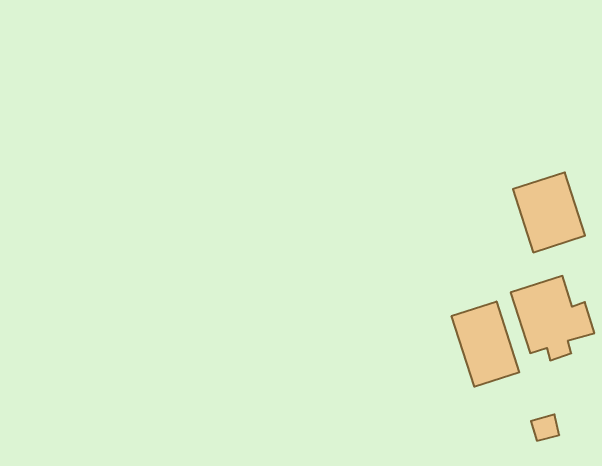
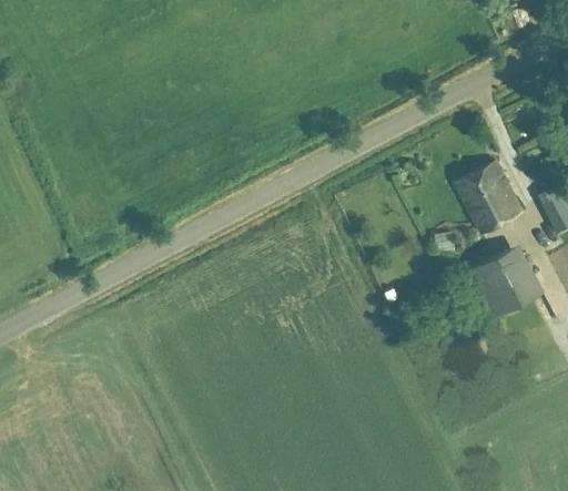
building: [452,301,519,387] -> none

